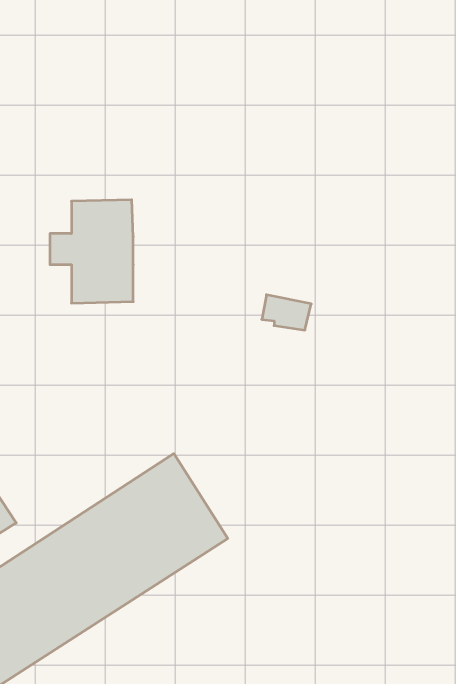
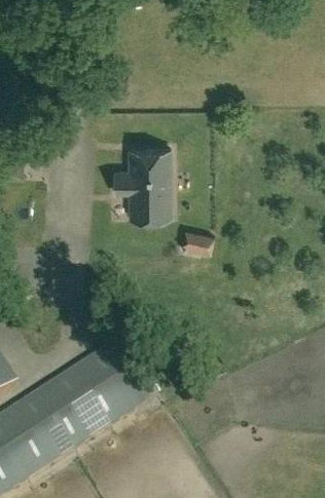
building: [50,200,133,303] -> [115,146,171,215]

